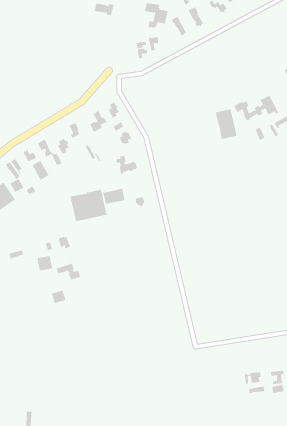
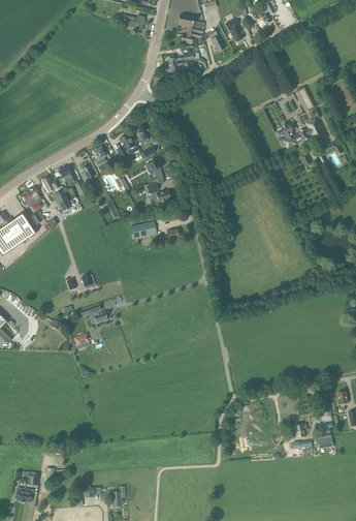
building: [215,108,237,140] -> none
building: [70,189,107,222] -> none

